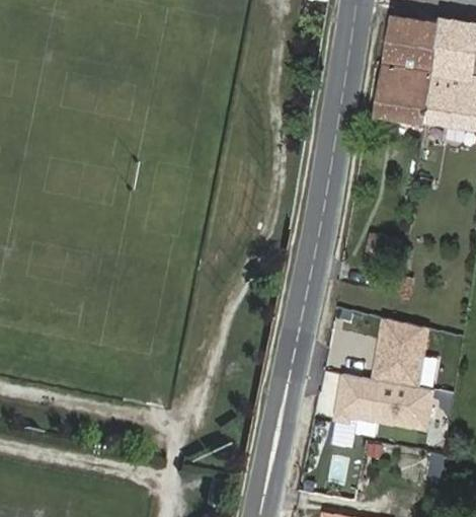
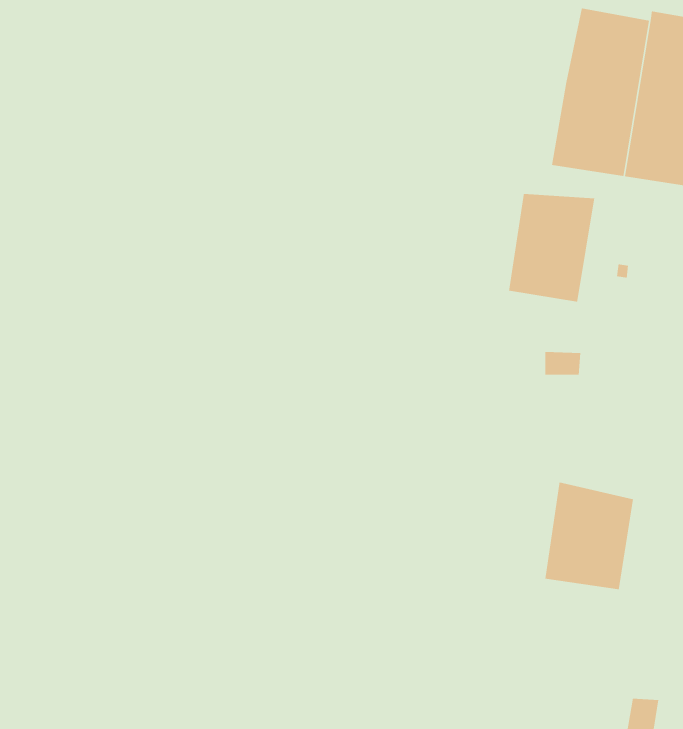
building: none -> [508,193,595,302]
building: [333,377,432,432] -> none

